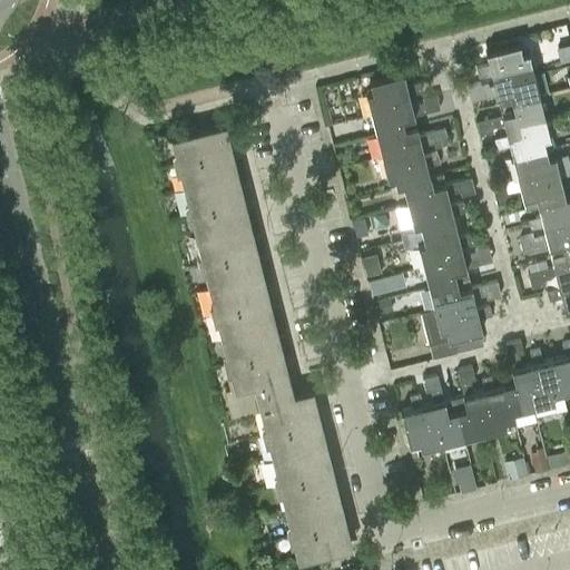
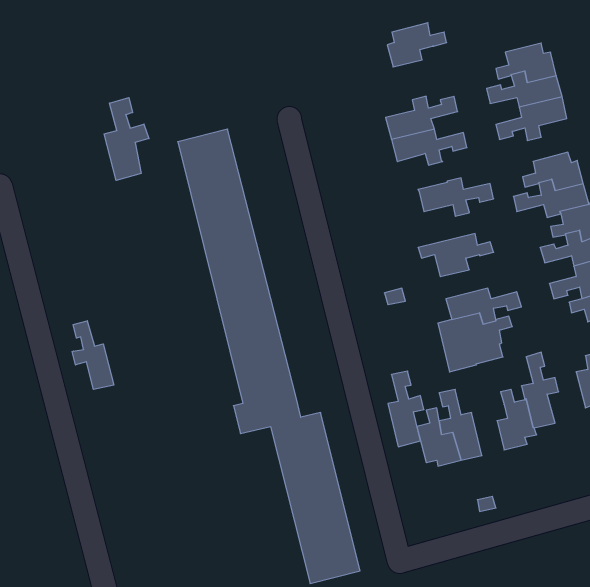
building: [367,77,424,119] -> [387,23,447,67]
building: none -> [104,98,149,180]
building: [497,120,552,161] -> none
building: [384,154,442,191] -> none
building: [402,203,468,244] -> none
building: [425,250,494,293] -> none
building: none -> [72,321,114,389]
building: [528,353,564,412] -> none
building: [455,371,490,443] -> [388,371,424,447]

